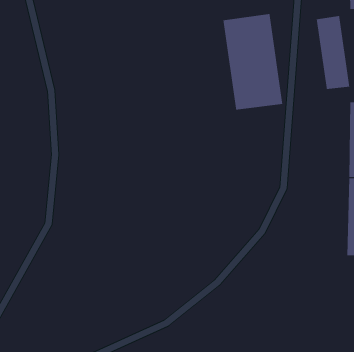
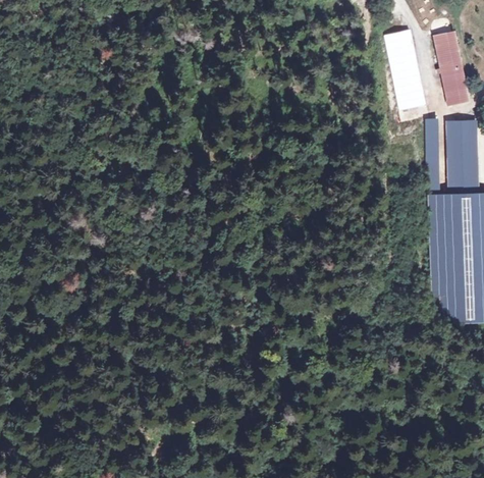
building: [222,13,283,110] -> none

